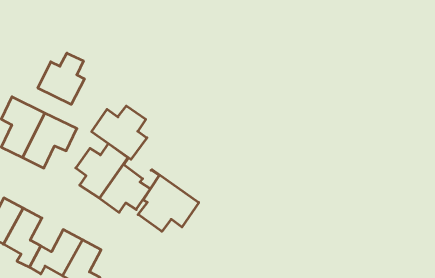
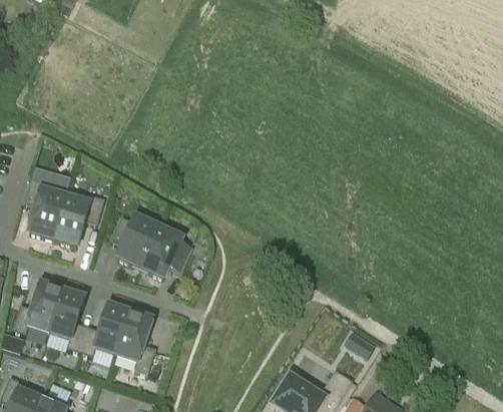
building: [38,53,84,104] -> none
building: [92,106,147,159] -> none
building: [138,170,199,231] -> none

